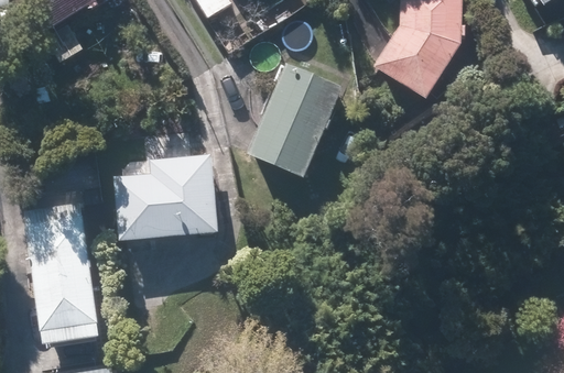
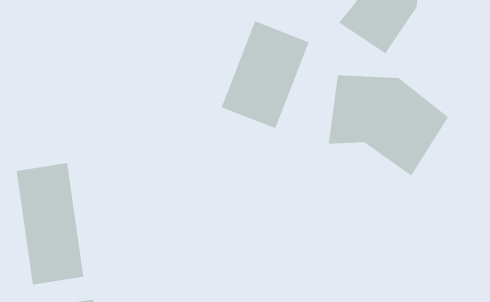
building: none -> [328,74,449,177]
building: [115,153,217,240] -> none

